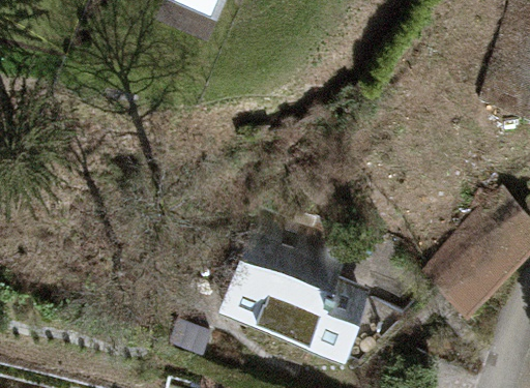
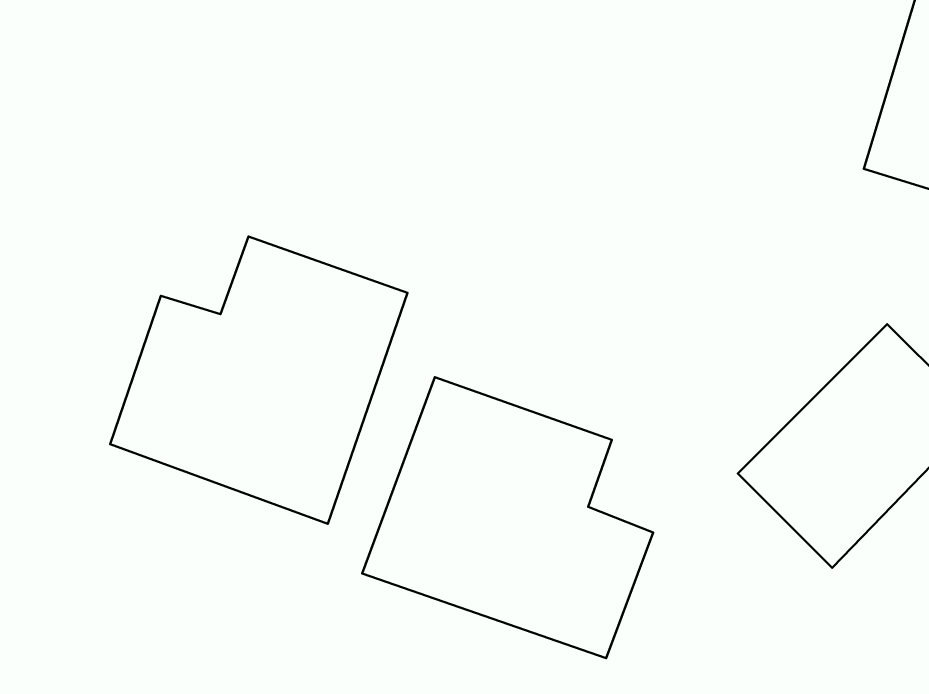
building: none -> [110,236,408,524]

